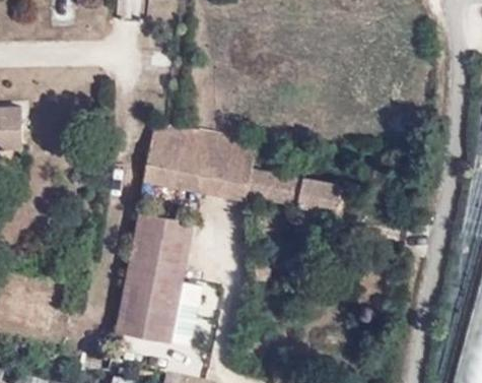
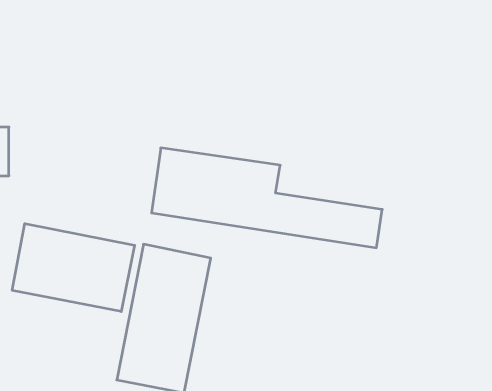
building: none -> [12,224,135,312]

